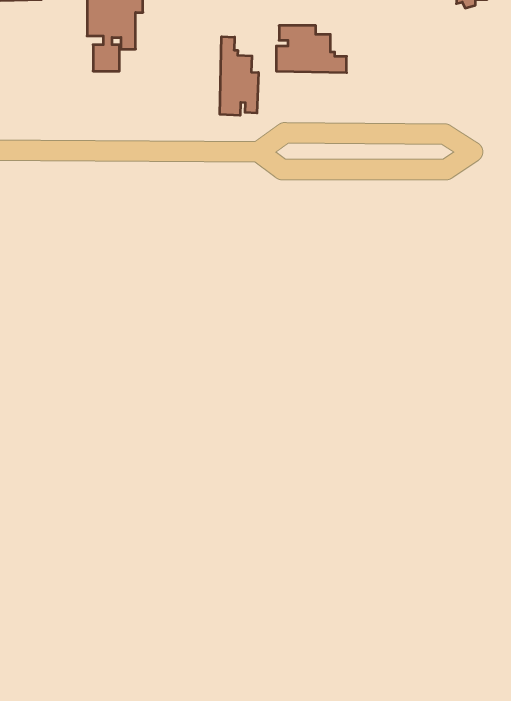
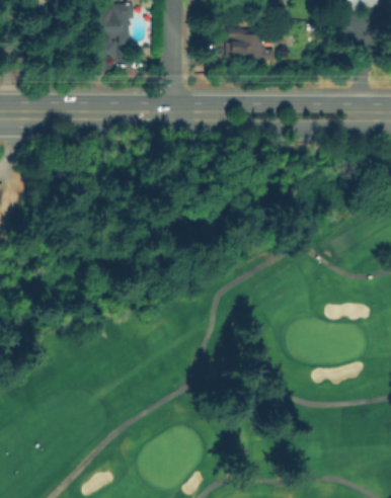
building: [220,37,258,115] -> none

